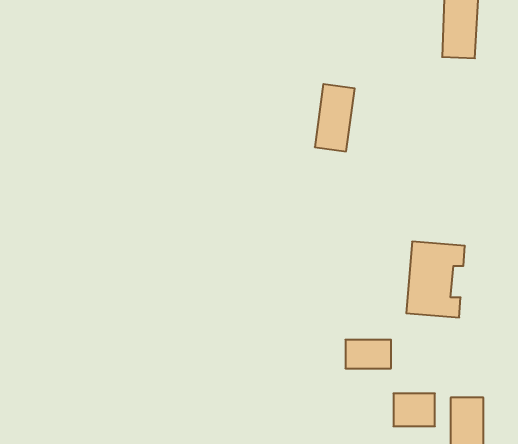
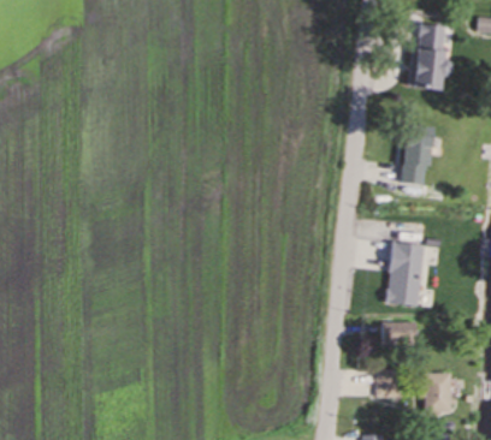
building: [315,84,355,151] -> [401,130,434,186]
building: [345,340,391,368] -> [381,322,420,346]

